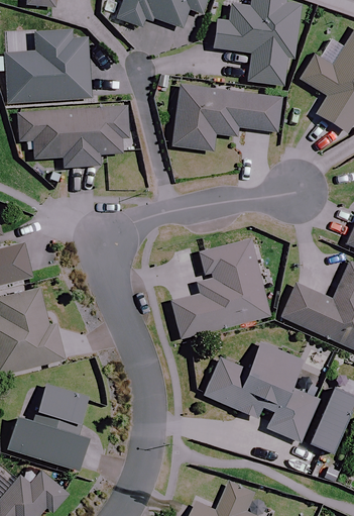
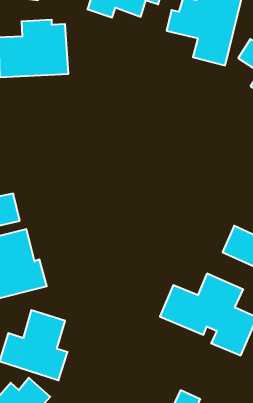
building: [172,84,282,150] -> none
building: [16,103,129,169] -> none
building: [171,237,271,336] -> none

